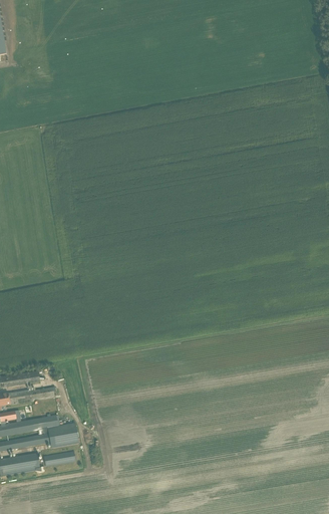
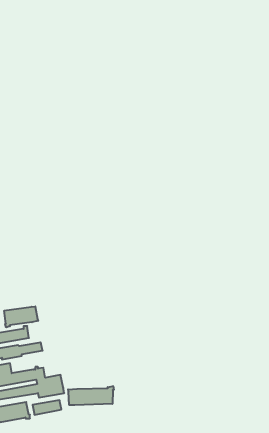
building: none -> [4,306,38,327]
building: none -> [68,386,114,405]

